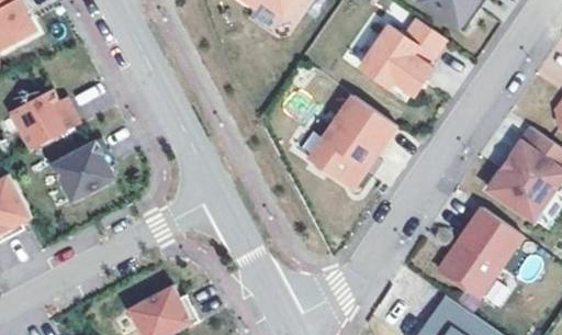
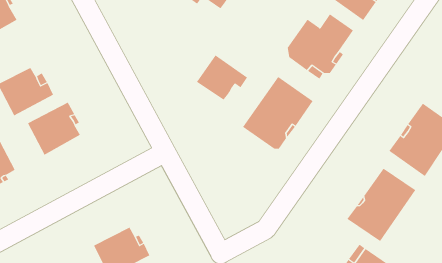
building: none -> [196,55,248,100]

